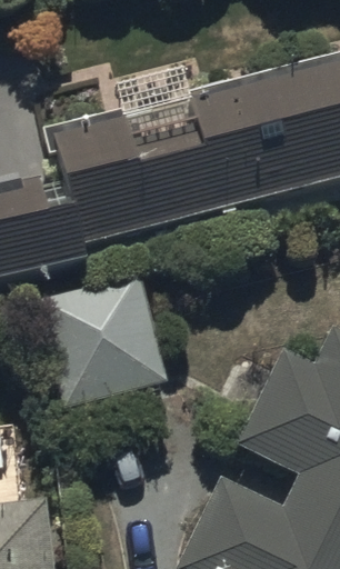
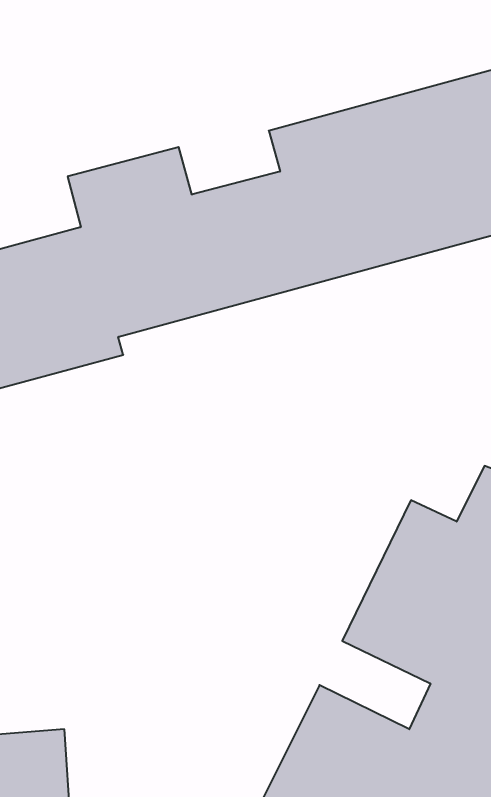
building: [37,274,167,407] -> none

